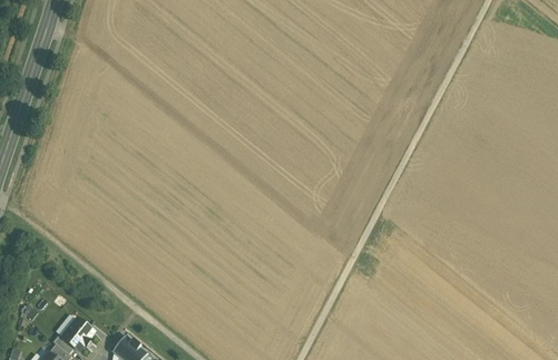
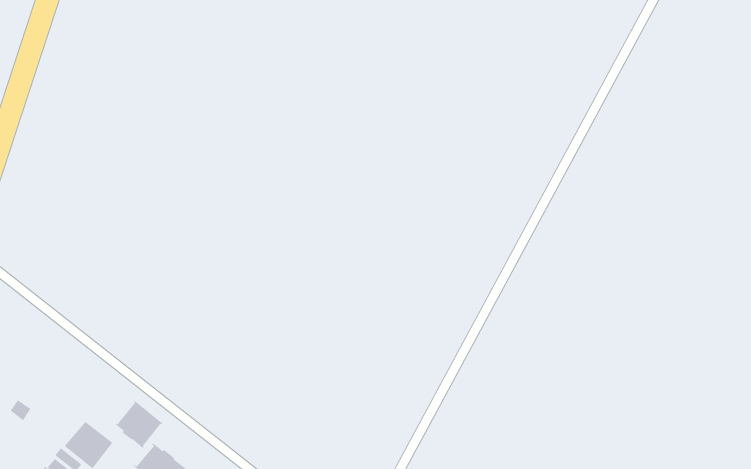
building: none -> [115,400,163,449]

